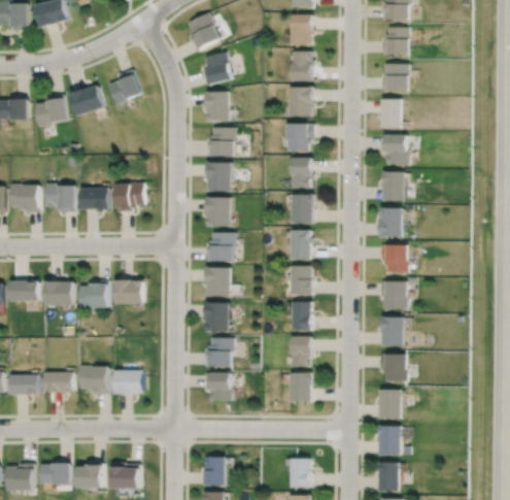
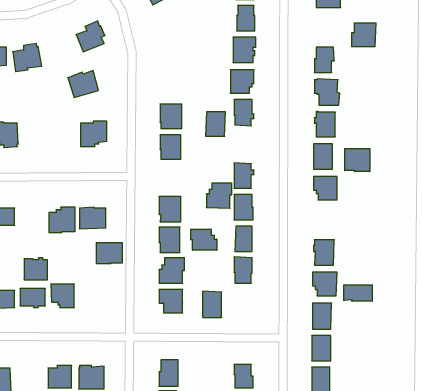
building: [201,51,231,85] -> none
building: [383,63,411,90] -> [352,23,376,47]
building: [71,85,106,115] -> [68,70,98,98]
building: [205,91,228,121] -> none
building: [206,127,235,156] -> none
building: [47,182,78,211] -> none
building: [83,188,108,211] -> none
building: [290,195,312,223] -> [206,112,225,136]
building: none -> [345,149,370,172]
building: [205,233,234,262] -> [206,183,232,208]
building: [46,280,73,305] -> [24,258,47,280]
building: [380,281,407,309] -> none
building: none -> [191,229,217,250]
building: none -> [344,285,372,301]
building: [112,371,142,395] -> [96,243,122,264]
building: [288,373,310,403] -> [203,291,222,317]
building: [42,461,70,482] -> none

